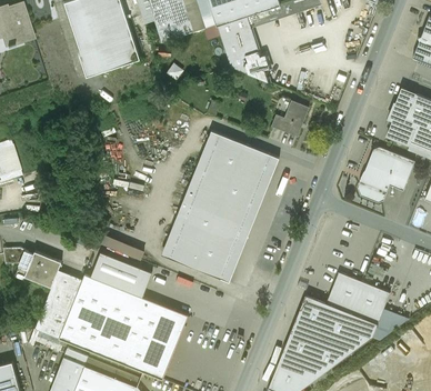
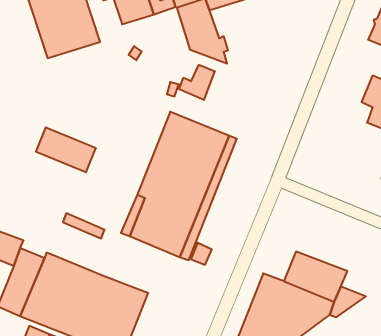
building: [385,89,415,142] -> none
building: [271,101,308,137] -> [179,65,215,100]
building: [359,148,413,202] -> none
building: [90,252,151,298] -> [36,127,96,172]

